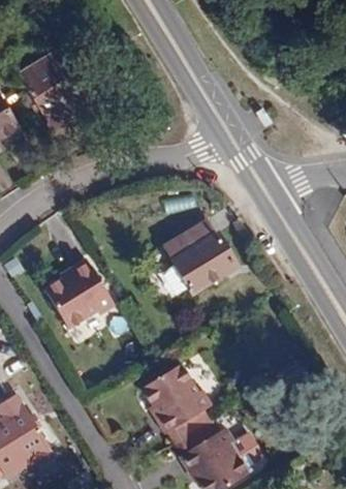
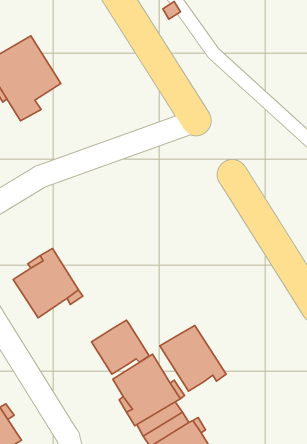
building: [163,215,238,289] -> none
building: none -> [91,320,149,374]
building: none -> [160,326,226,391]

